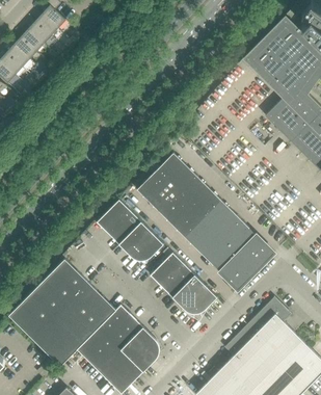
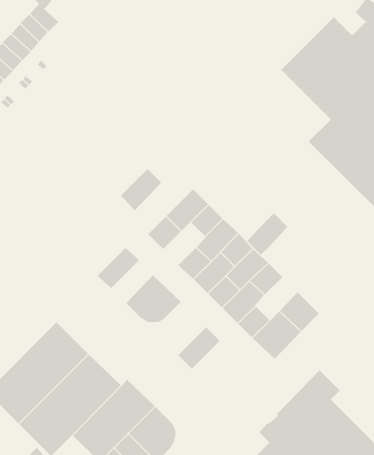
building: [150,180,183,214] -> [120,168,162,211]
building: [108,210,141,244] -> none
building: [223,223,257,258] -> [247,213,288,256]
building: [151,253,184,286] -> none
building: [172,274,217,313] -> none

